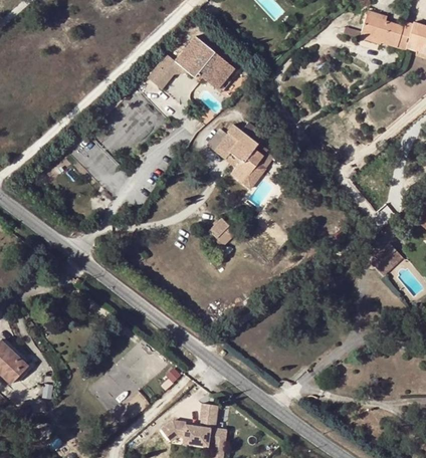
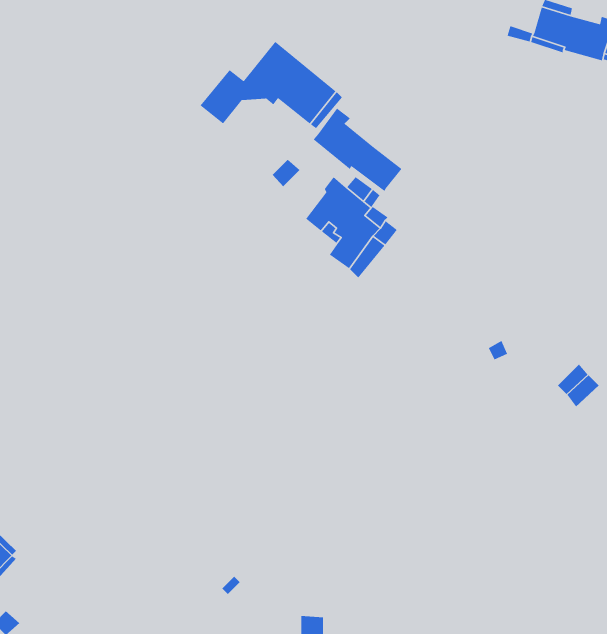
building: none -> [312,107,402,192]
building: [208,217,235,250] -> none

